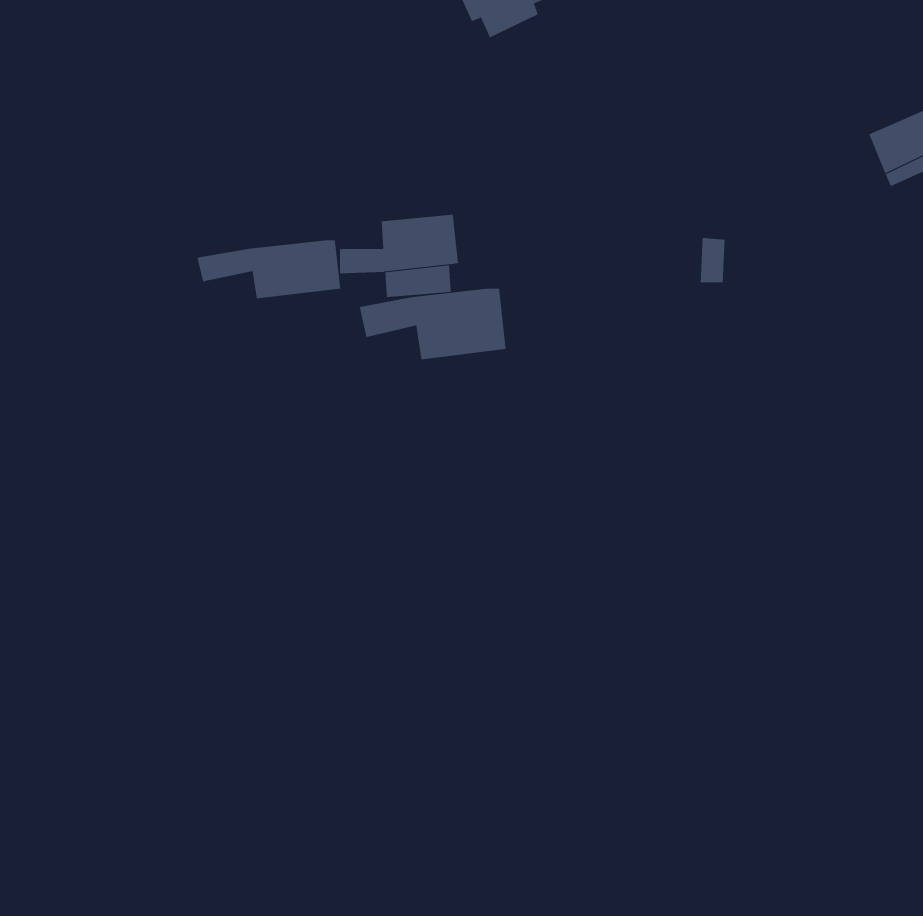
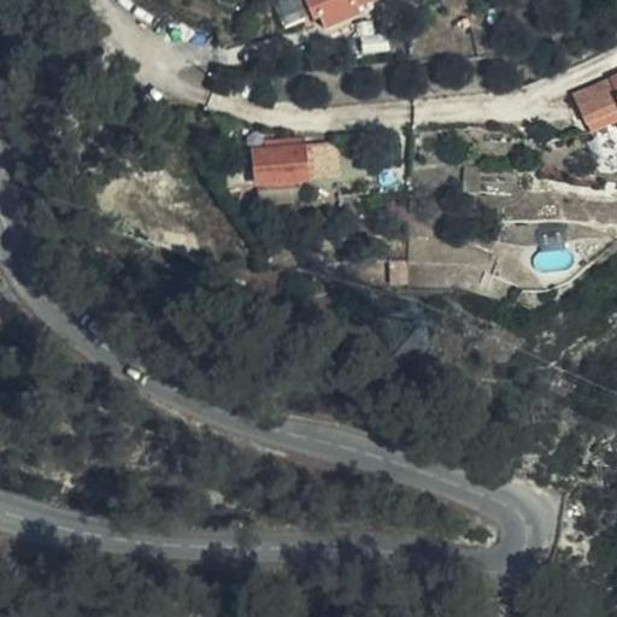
building: [197,239,341,299] -> none
building: [359,288,506,360] -> none

